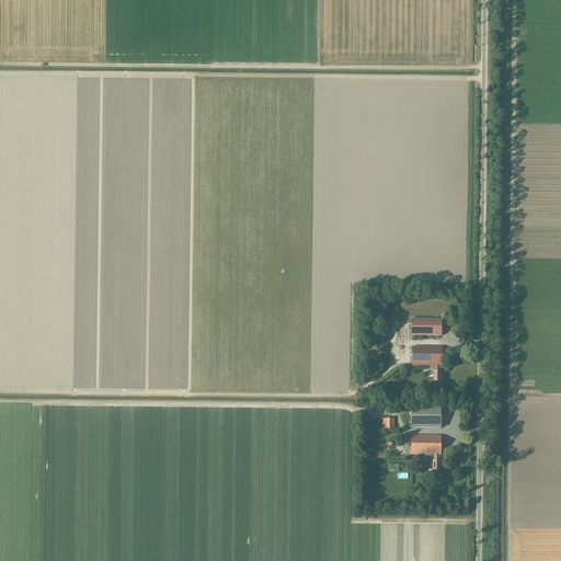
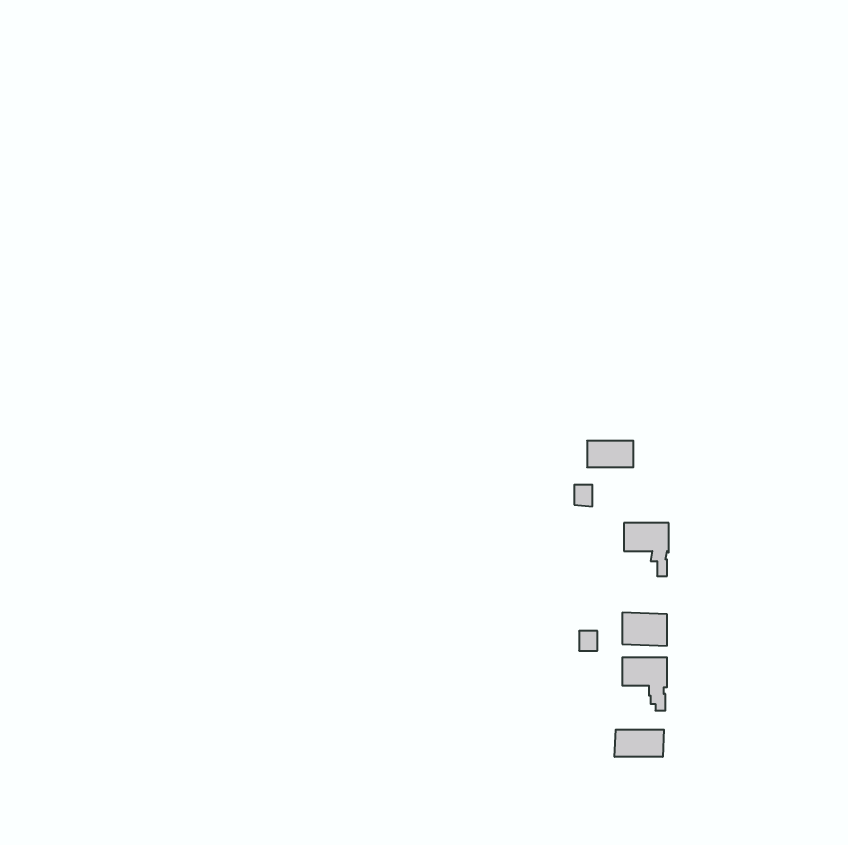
building: [411,317,442,334] -> [587,441,633,467]
building: none -> [615,730,664,757]

